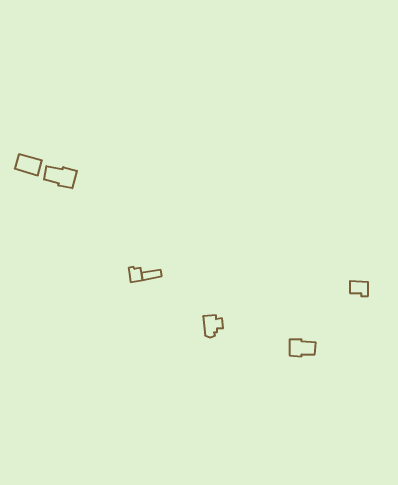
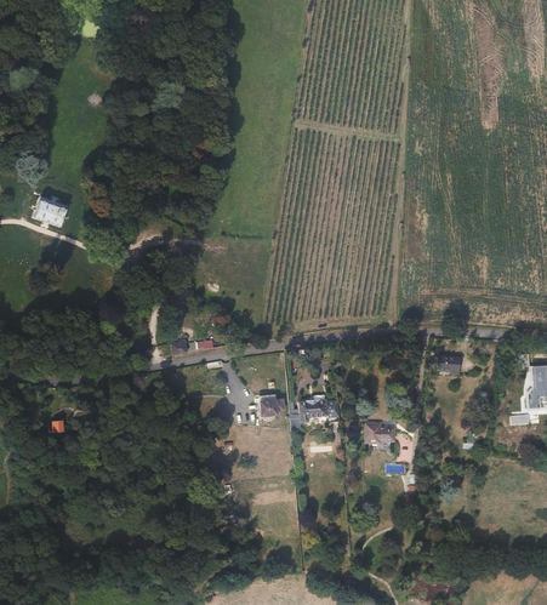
building: [44,166,77,188] -> none
building: none -> [298,396,330,421]

